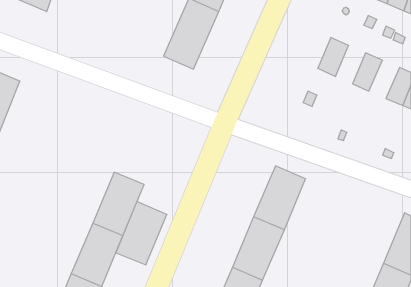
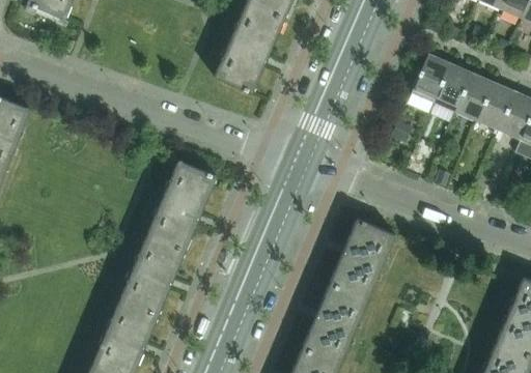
building: none -> [434,63,472,112]
building: none -> [476,82,515,131]
building: [116,202,167,265] -> [150,160,216,240]

